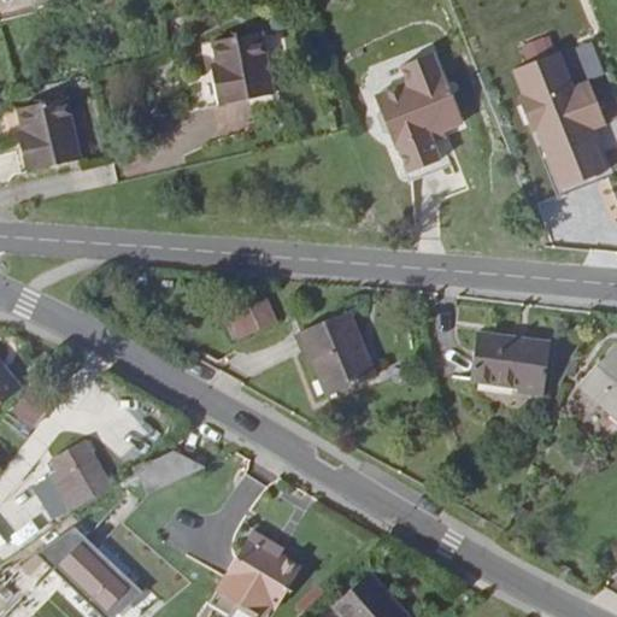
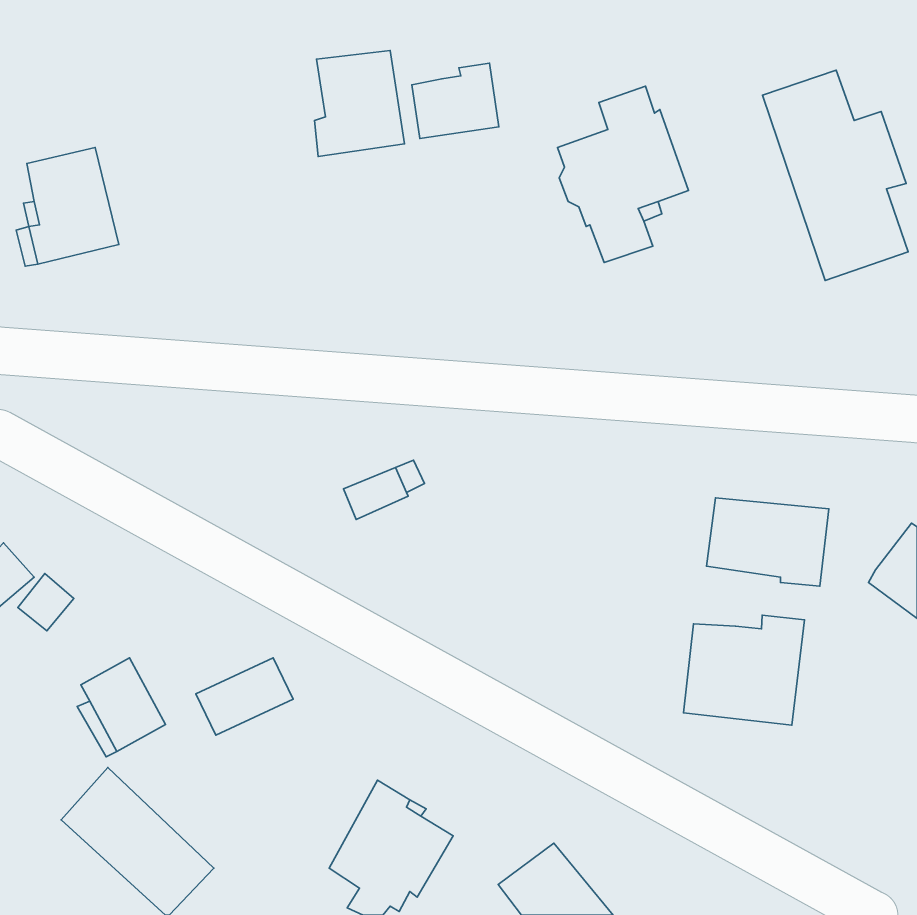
building: none -> [412,63,499,138]
building: [295,317,374,406] -> none
building: none -> [684,615,804,725]

